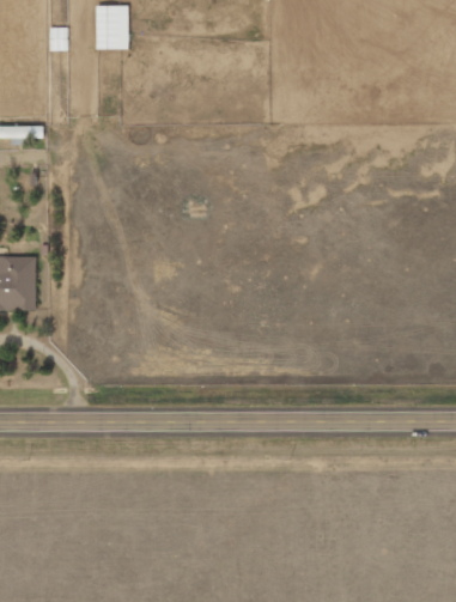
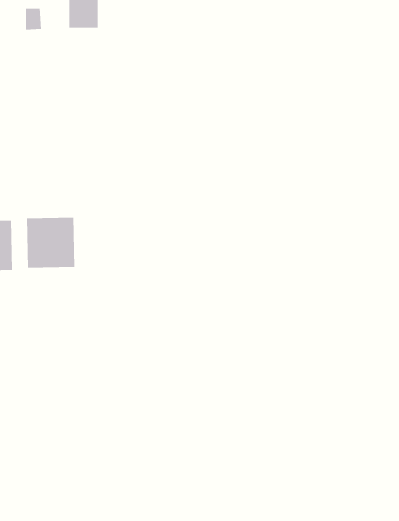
building: none -> [26,217,75,268]

